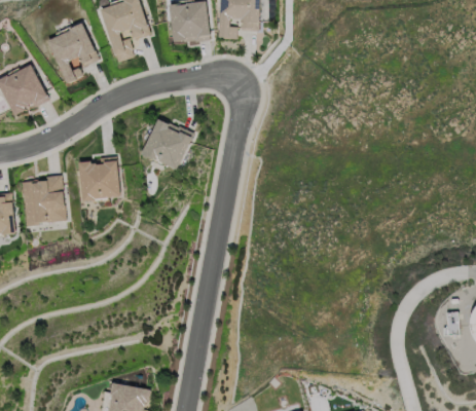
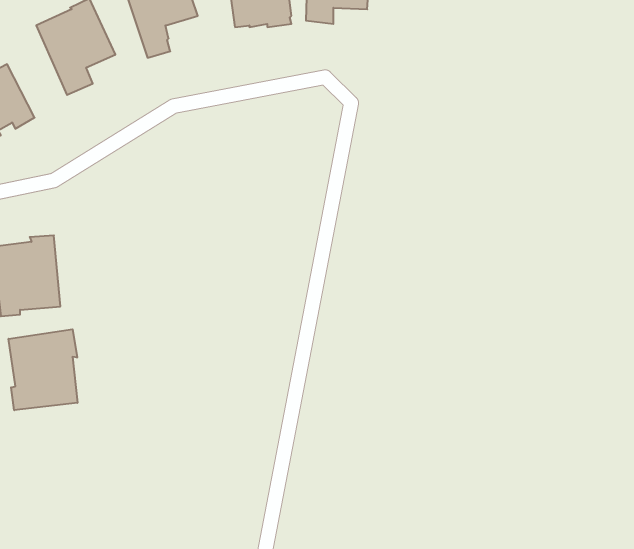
building: [139,115,192,167] -> none
building: [77,155,118,200] -> none
building: none -> [9,329,77,410]

